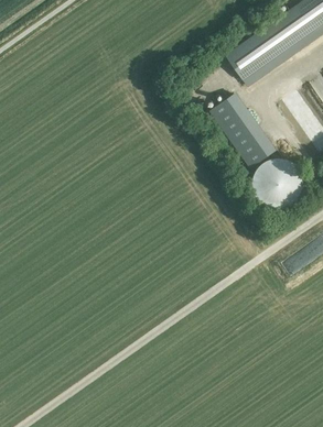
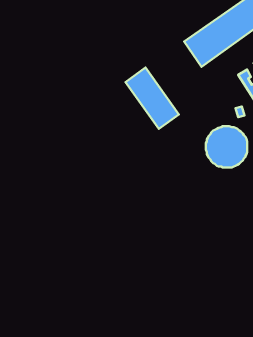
building: [209,94,274,168] -> [126,68,179,129]

